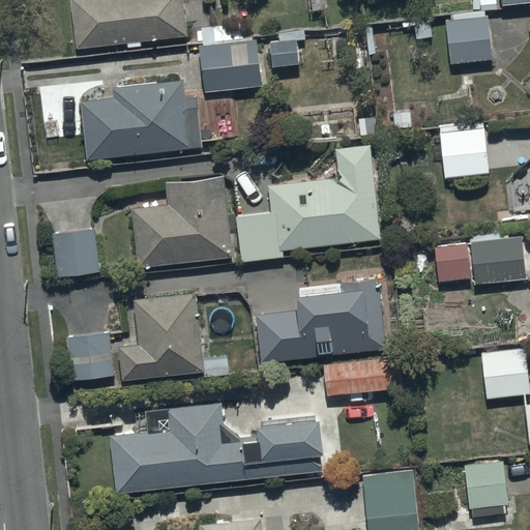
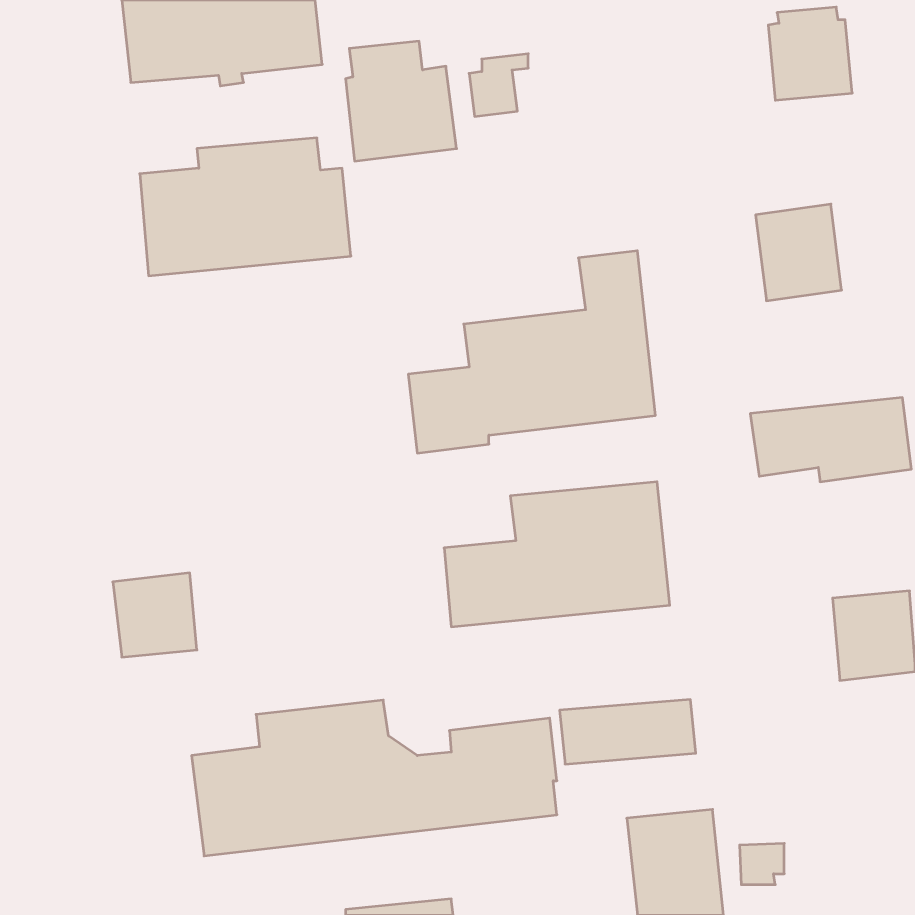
building: [131,177,231,268] -> none
building: [50,230,99,277] -> none
building: [119,292,202,382] -> none
building: [323,358,402,395] -> [560,700,696,764]
building: [464,454,507,502] -> none

